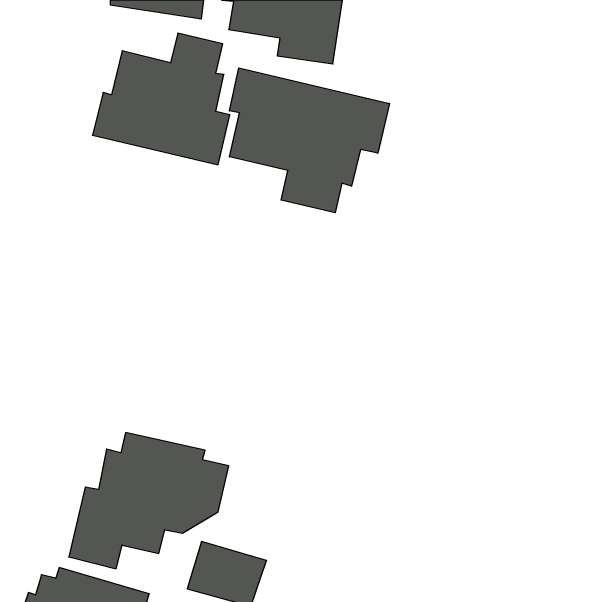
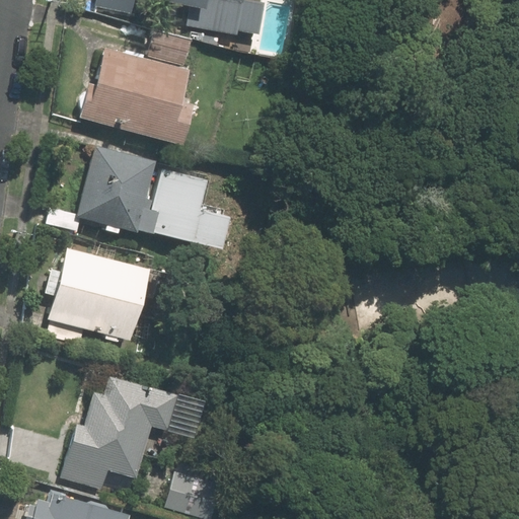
building: [229,68,389,213] -> none
building: none -> [78,143,229,248]
building: none -> [44,246,150,341]

